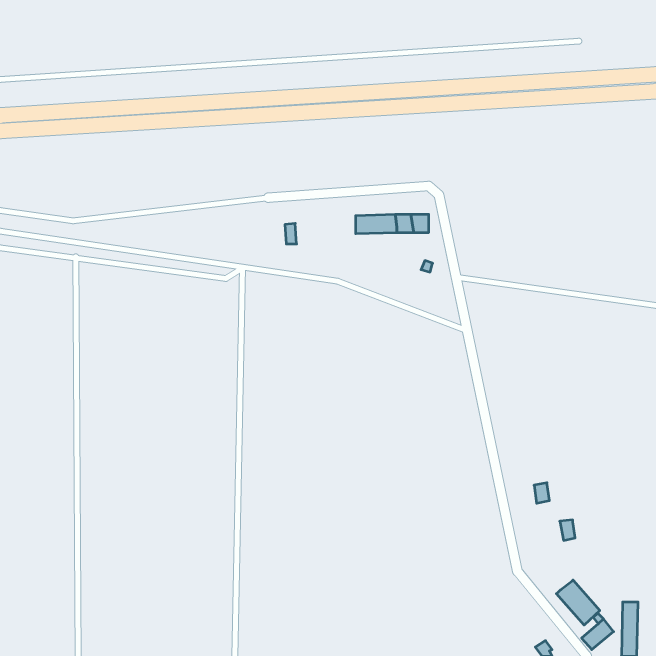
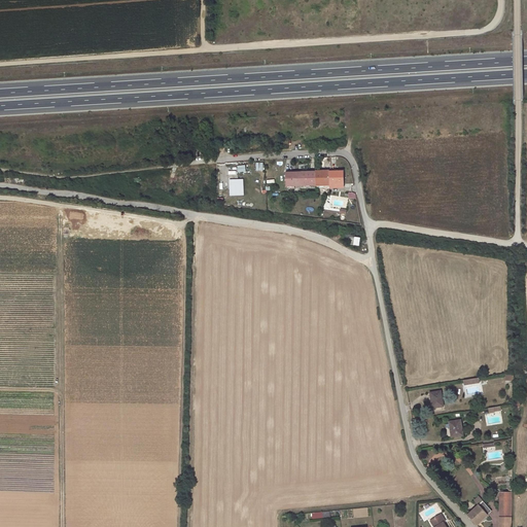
building: [556,580,600,625] -> none

